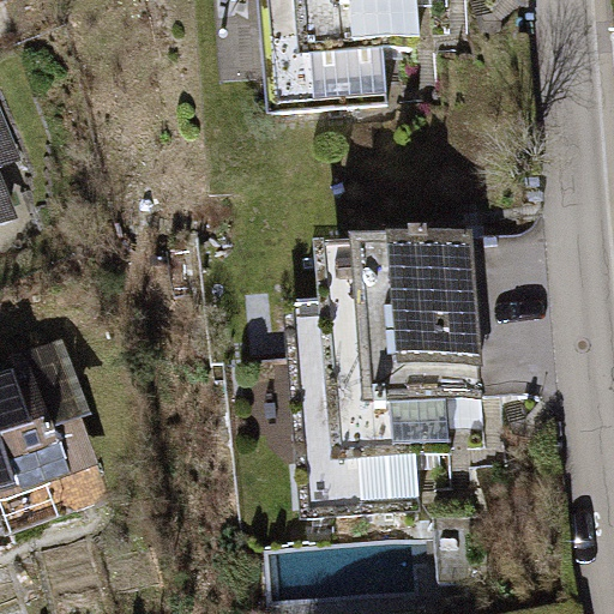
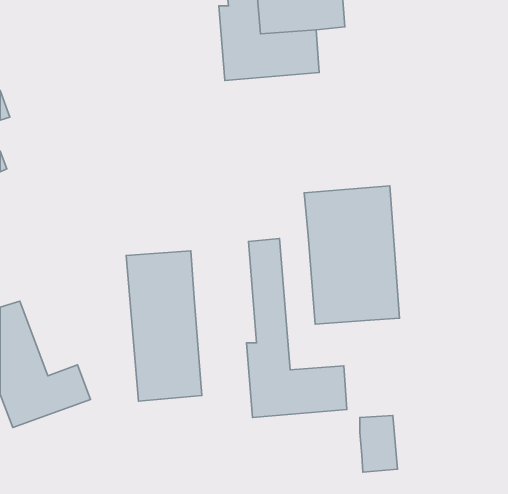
building: [337,284,450,446] -> none
building: none -> [126,251,202,401]

